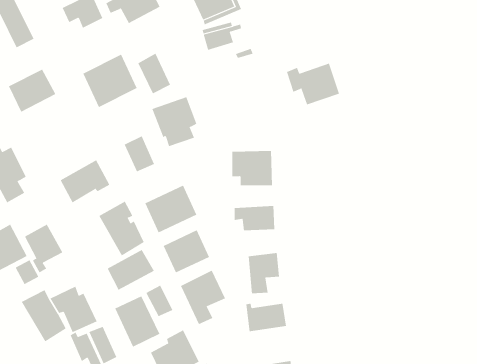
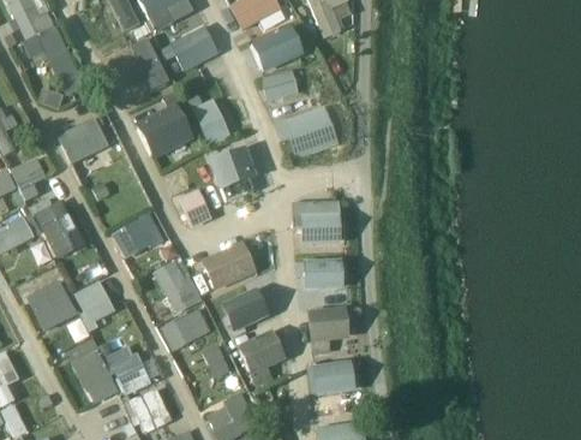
building: [286,63,340,105] -> [272,111,329,155]
building: [115,296,160,347] -> none

